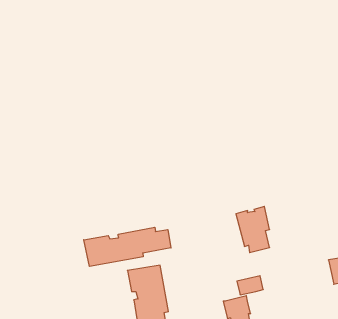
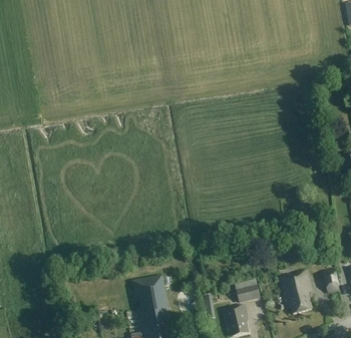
building: [236,206,270,253] -> [280,269,312,313]
building: [84,227,171,266] -> none

